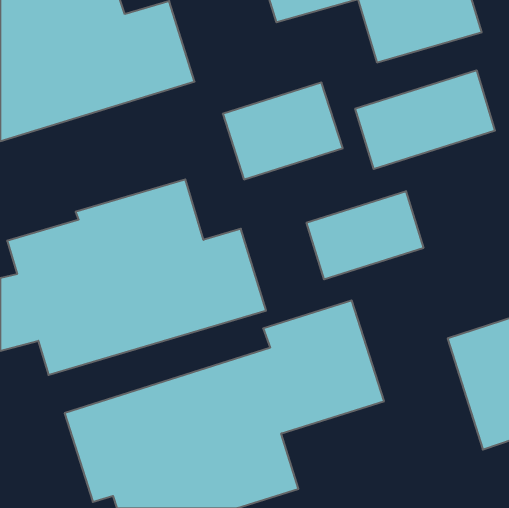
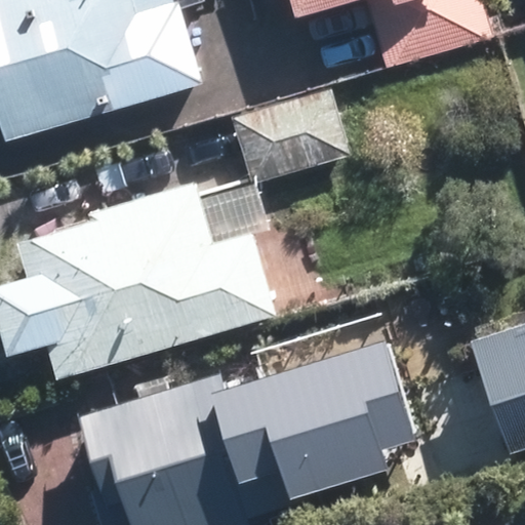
building: [355,70,495,169] -> none
building: [307,191,423,279] -> none

